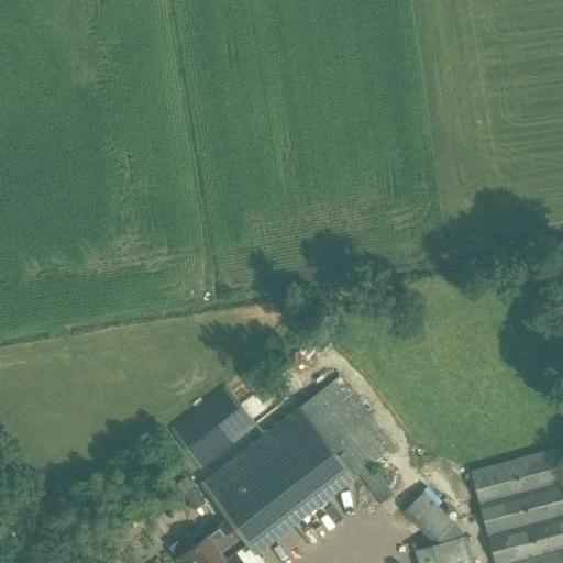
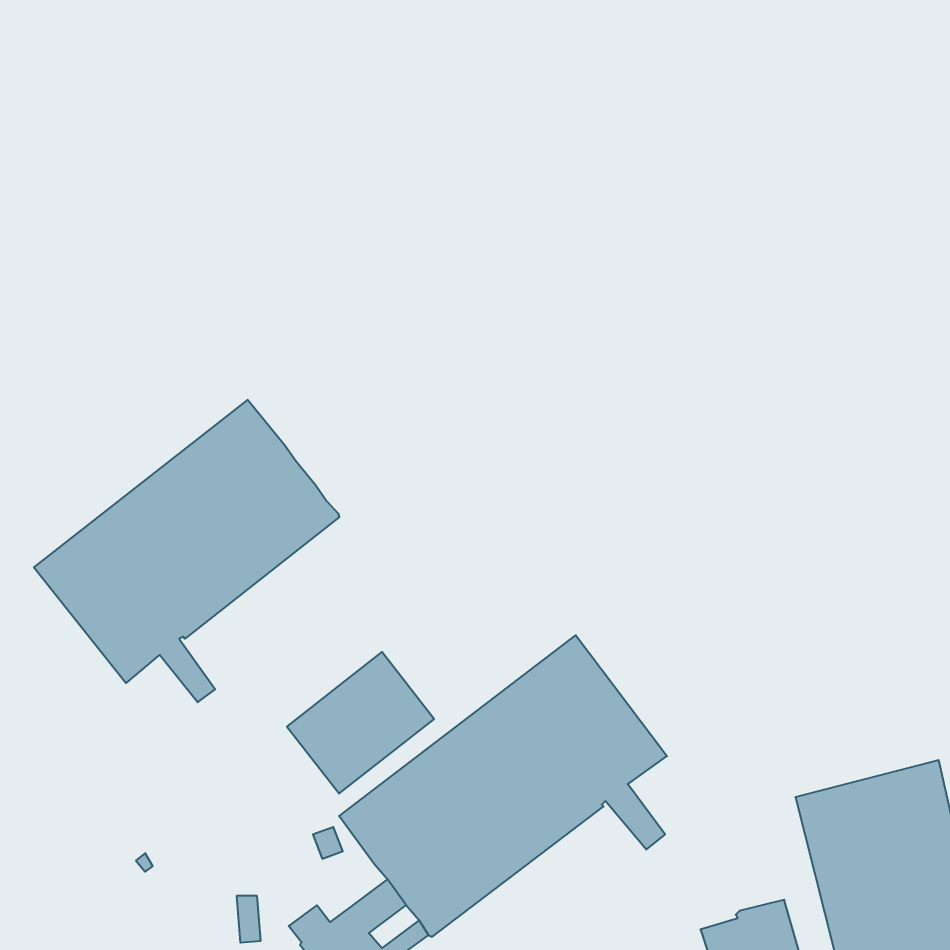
building: none -> [34,400,339,702]
building: [402,492,456,542] -> none

